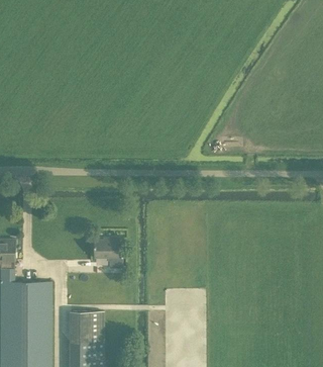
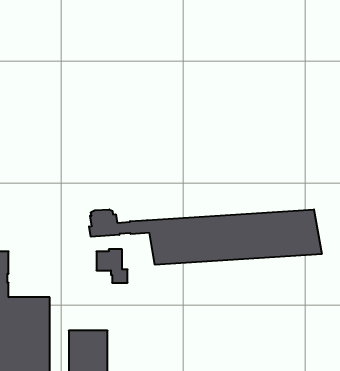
building: none -> [89,209,322,265]

